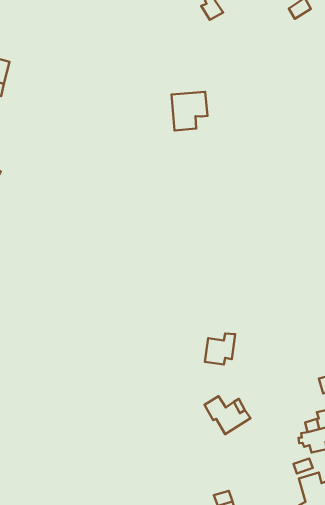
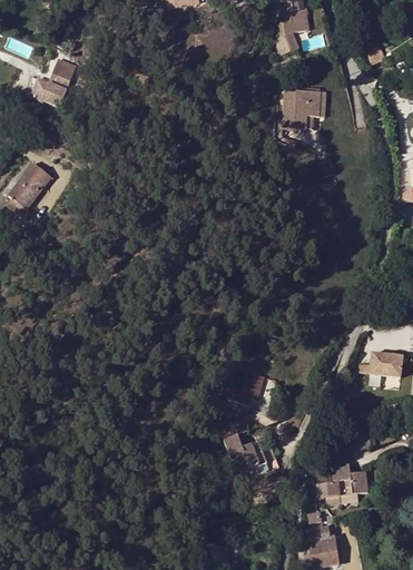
building: [171,92,208,130] -> [283,89,319,127]

